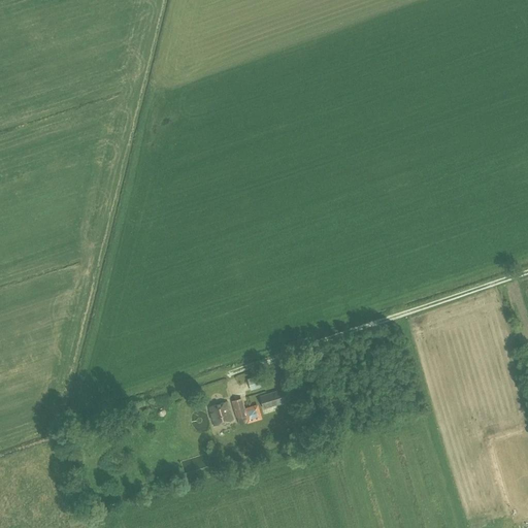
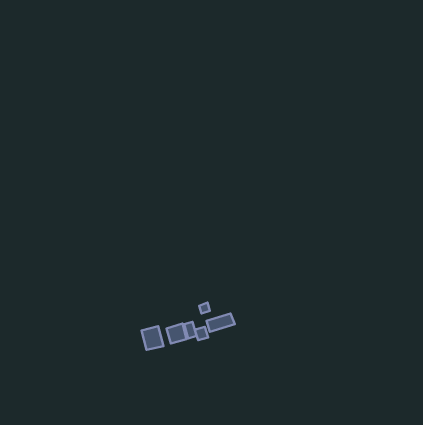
building: none -> [142,326,164,350]

